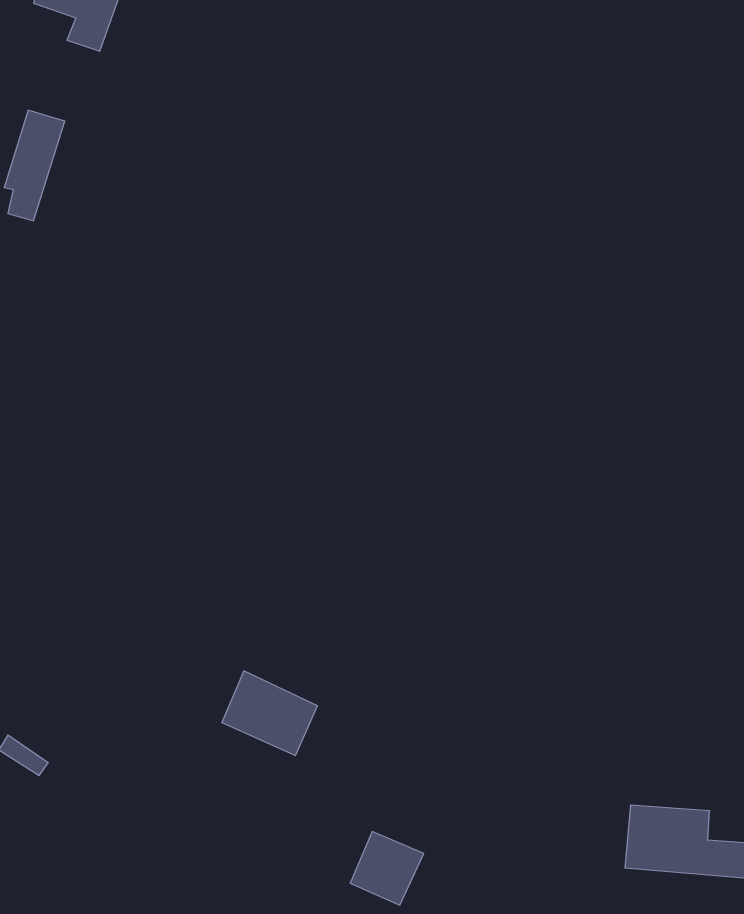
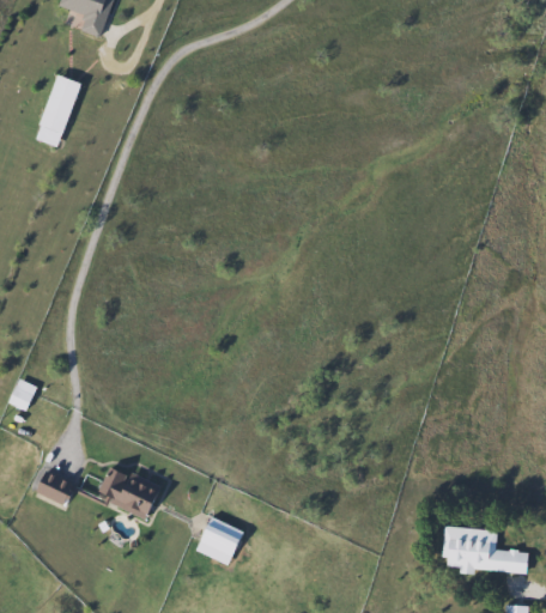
building: [222,671,318,756] -> [98,465,160,520]
building: [350,831,424,905] -> [195,516,243,564]

